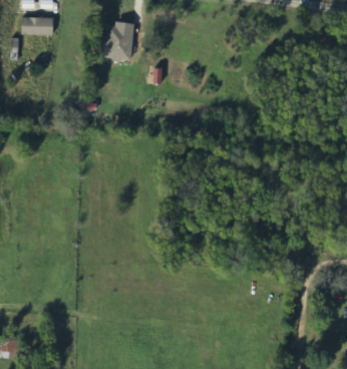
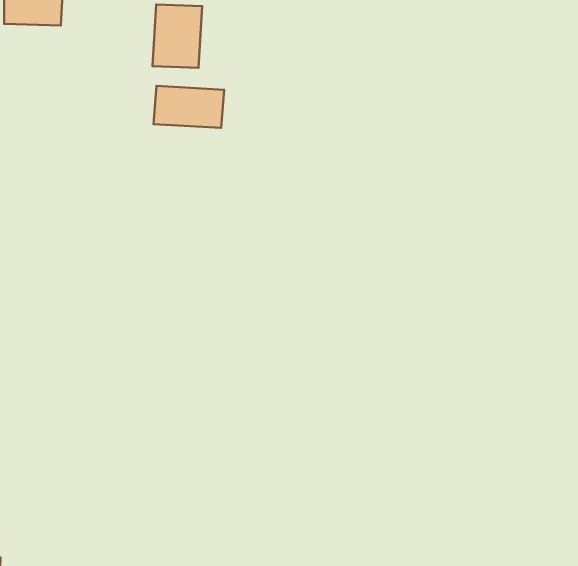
building: none -> [153,86,224,128]

